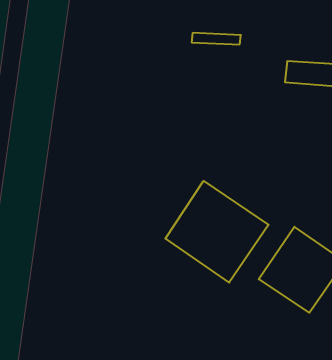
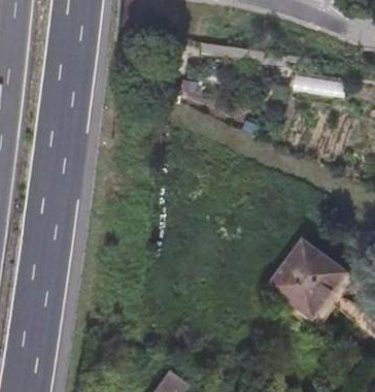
building: [165,181,269,283] -> none

